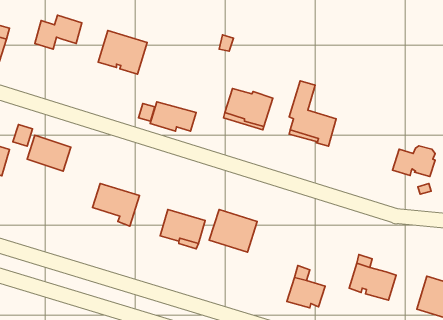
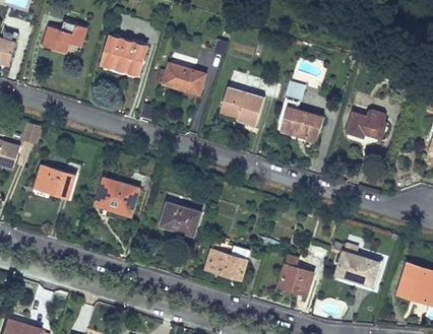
building: [150,102,196,131] -> [163,64,205,91]
building: [27,135,71,171] -> [35,165,75,199]
building: [393,146,435,177] -> [347,111,386,139]
building: [209,210,257,252] -> [205,241,250,280]

